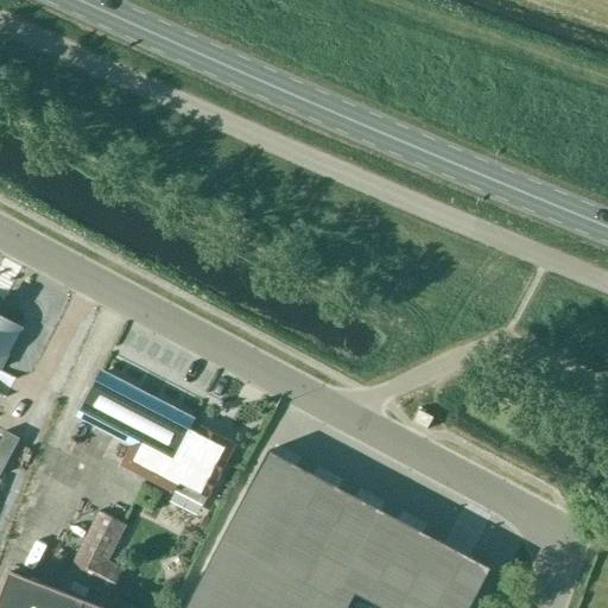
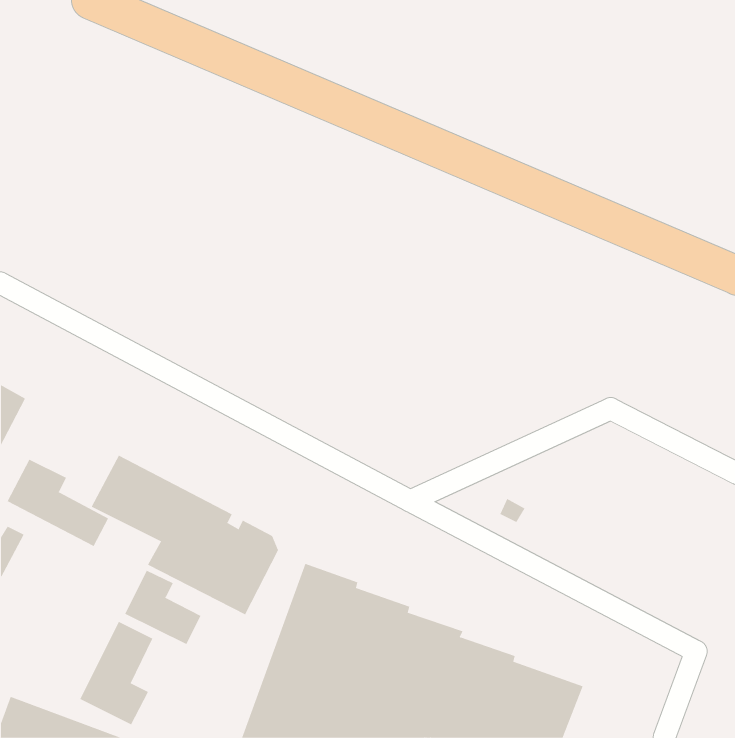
building: none -> [7,459,109,547]
building: none -> [125,570,201,645]

